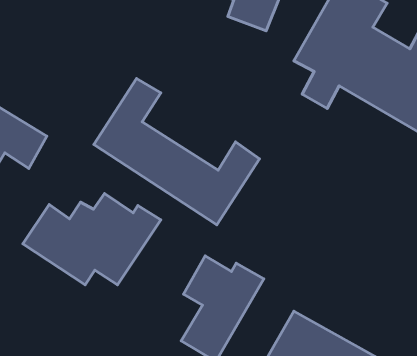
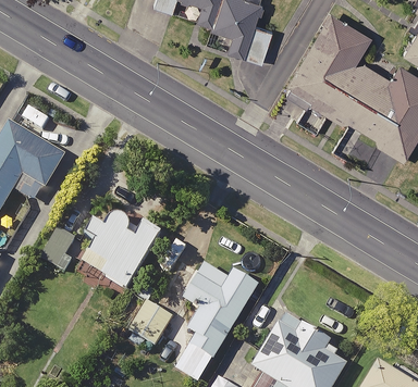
building: [94,79,259,225] -> none
building: none -> [126,301,171,348]

